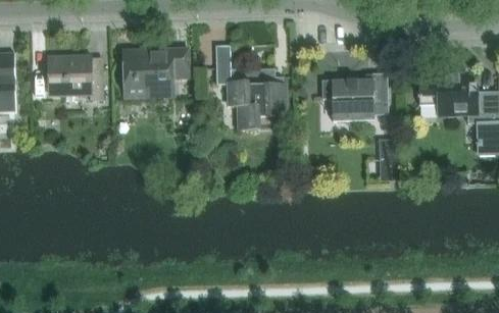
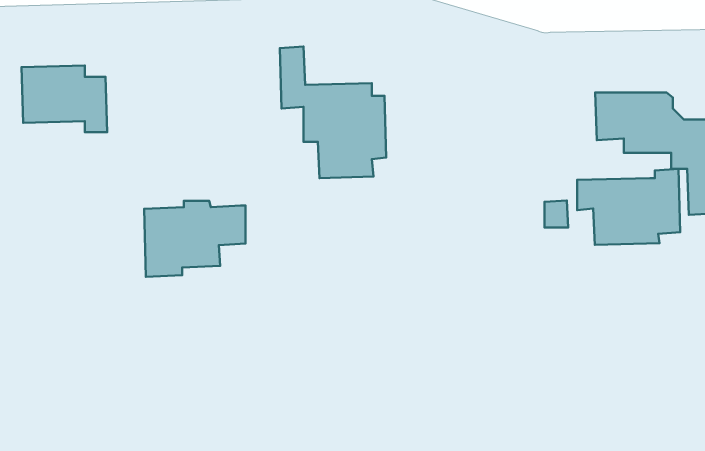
building: [123,47,189,96] -> [144,201,246,277]
building: [321,72,388,121] -> [577,169,680,245]

